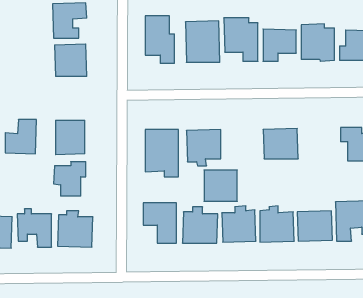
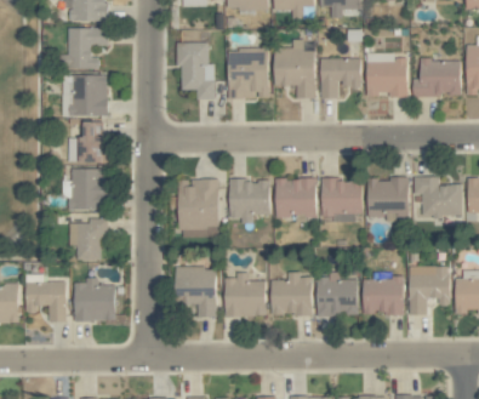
building: [5,120,36,154] -> [68,121,106,163]
building: none -> [367,178,409,216]
building: [204,170,237,201] -> [275,179,315,217]

